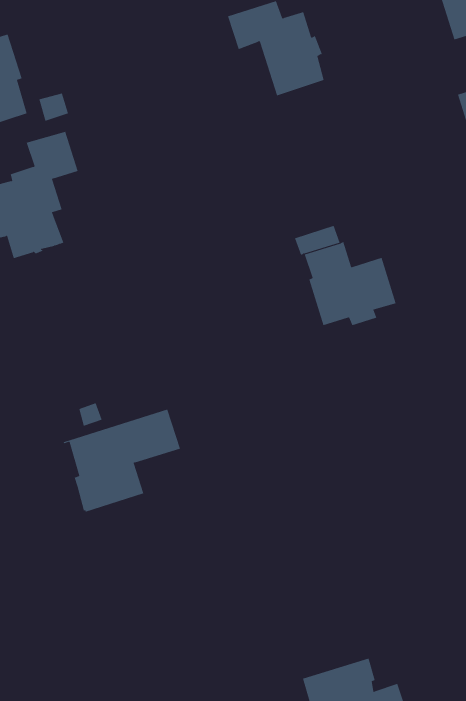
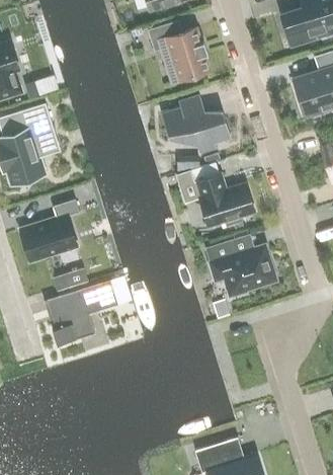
building: none -> [161,94,231,154]
building: none -> [20,200,79,261]
building: none -> [205,240,275,298]

